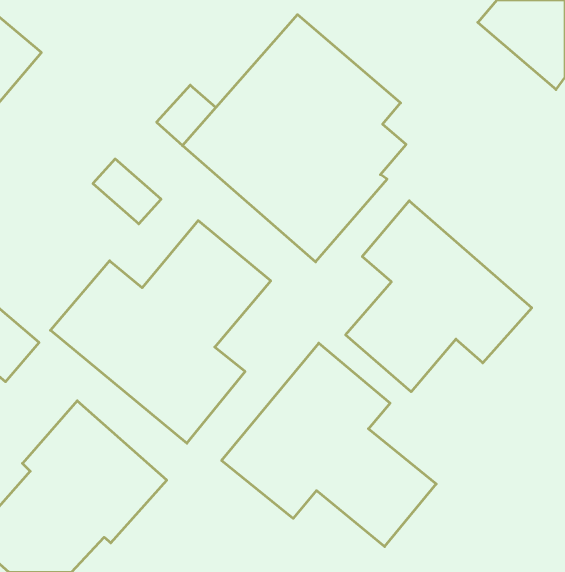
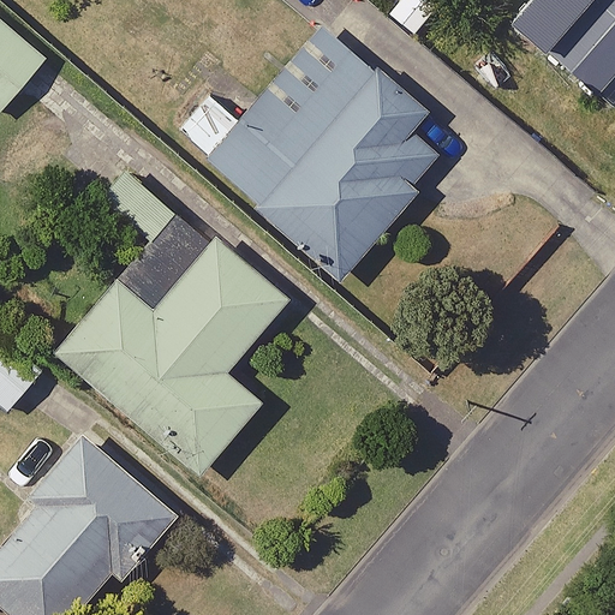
building: [346,201,532,392] -> none
building: [222,343,436,547] -> none

